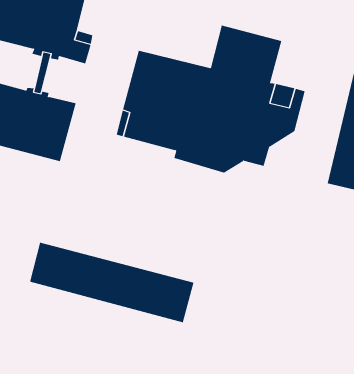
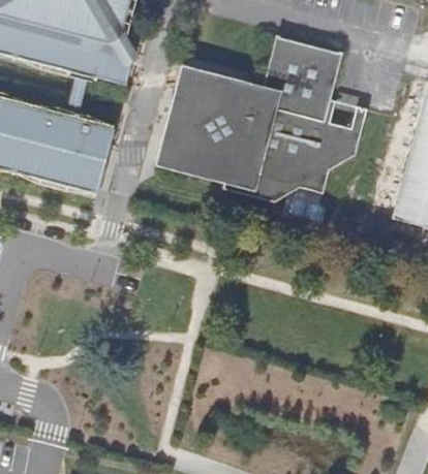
building: [29,242,194,323] -> none

